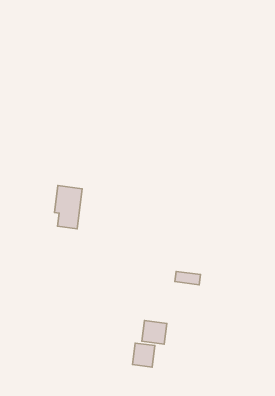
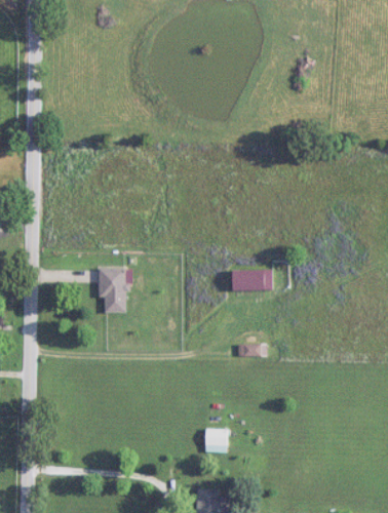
building: none -> [238,270,269,291]
building: [142,321,167,344] -> none

